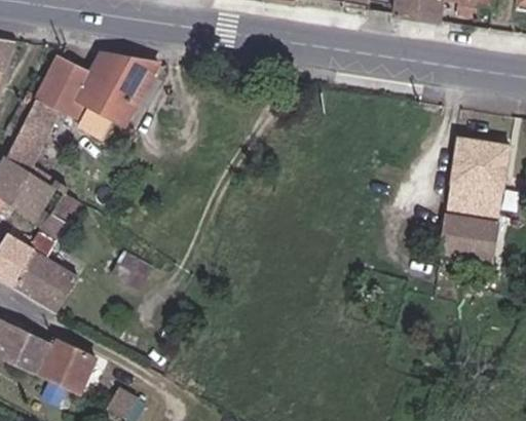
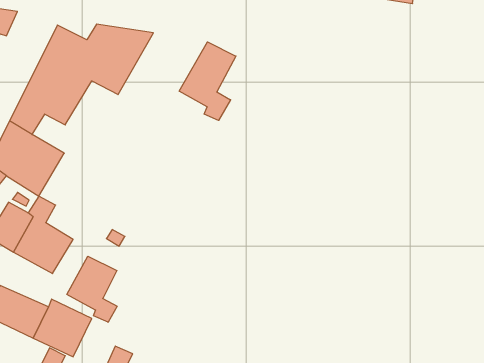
building: none -> [179,42,236,120]
building: [427,131,498,264] -> none
building: none -> [67,256,117,322]

